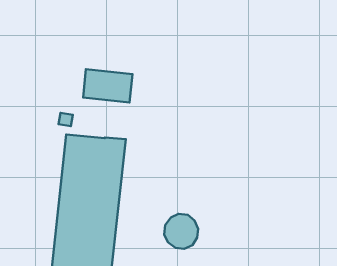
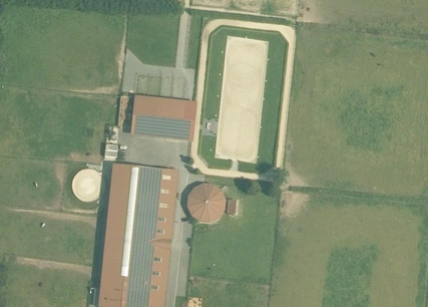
building: [164,214,198,249] -> [187,184,224,221]

